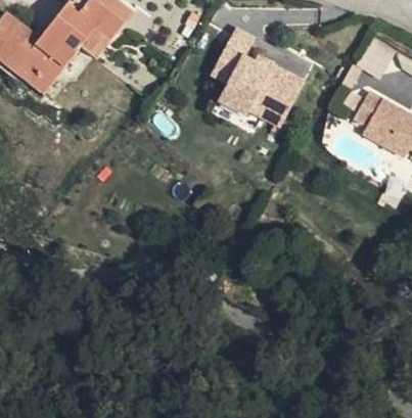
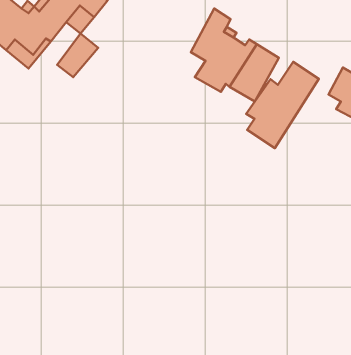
building: none -> [57,34,98,77]
building: none -> [246,62,319,148]

